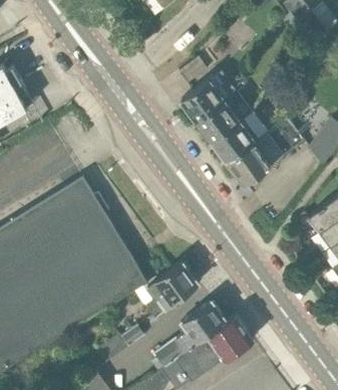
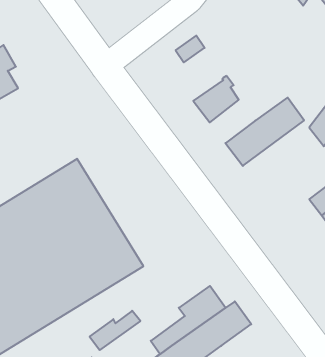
building: [181,69,236,121] -> none
building: [212,118,256,162] -> none
building: [146,260,199,318] -> none

